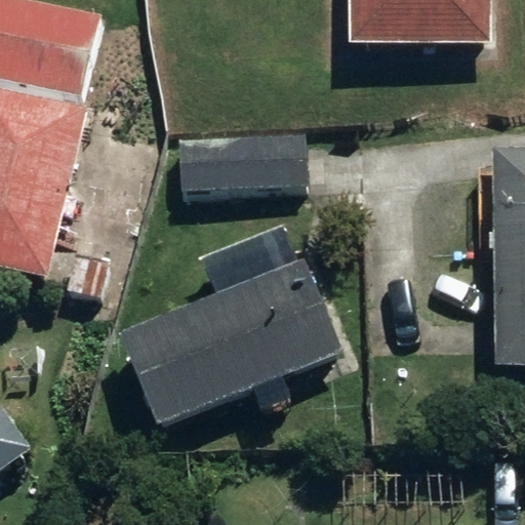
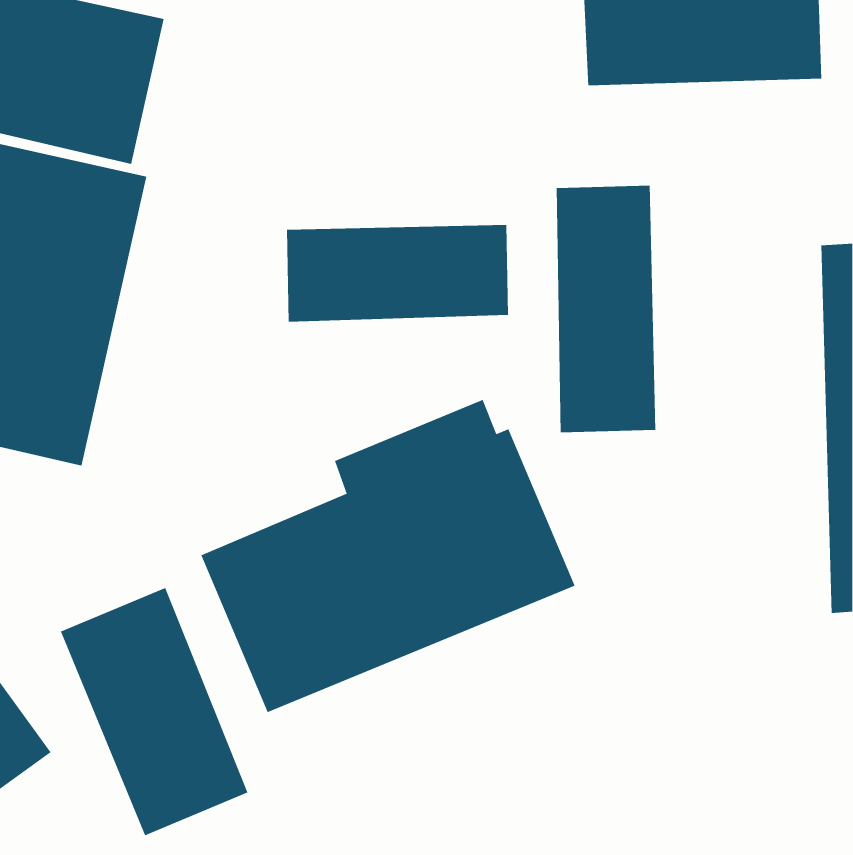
building: none -> [556,185,656,433]
building: none -> [60,587,248,836]

